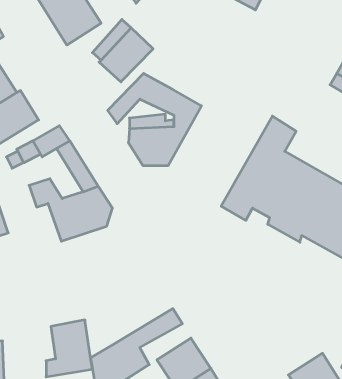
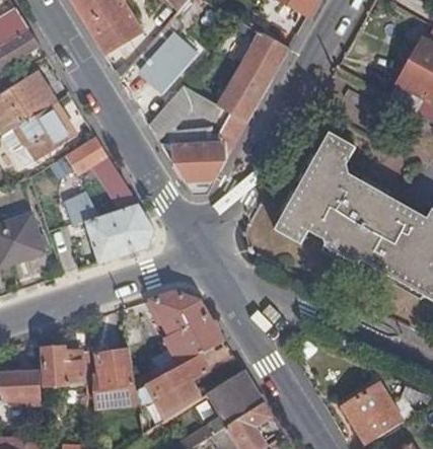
building: none -> [220,33,290,120]
building: none -> [148,290,220,375]
building: none -> [42,348,81,386]

